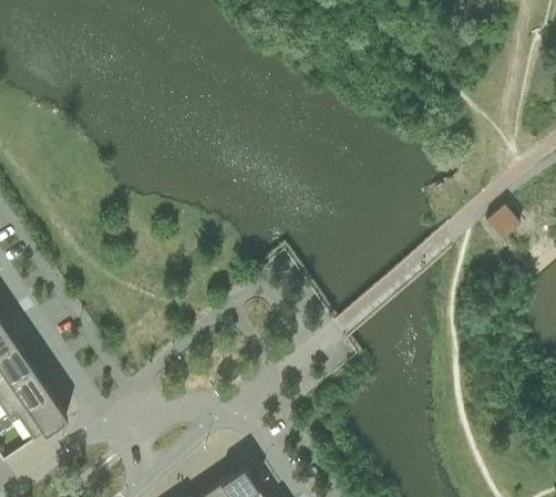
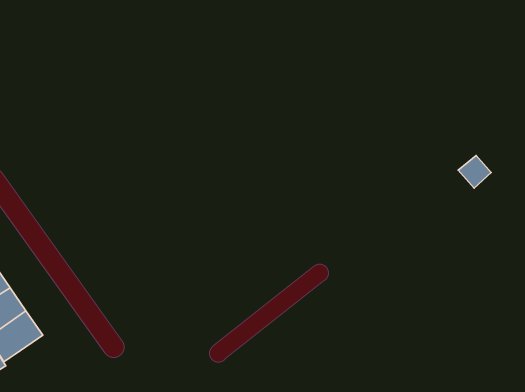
building: [14,395,65,443] -> none

